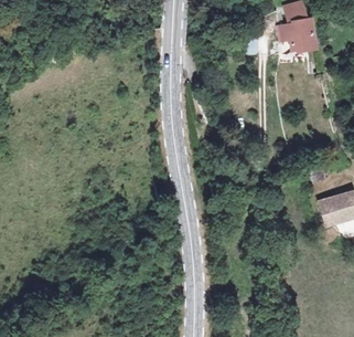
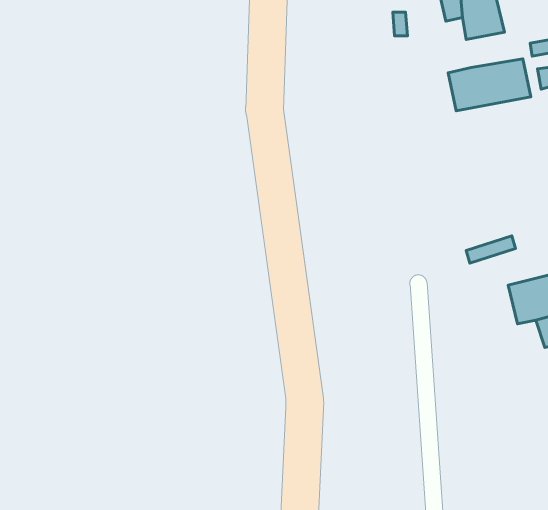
building: none -> [448,59,531,111]

